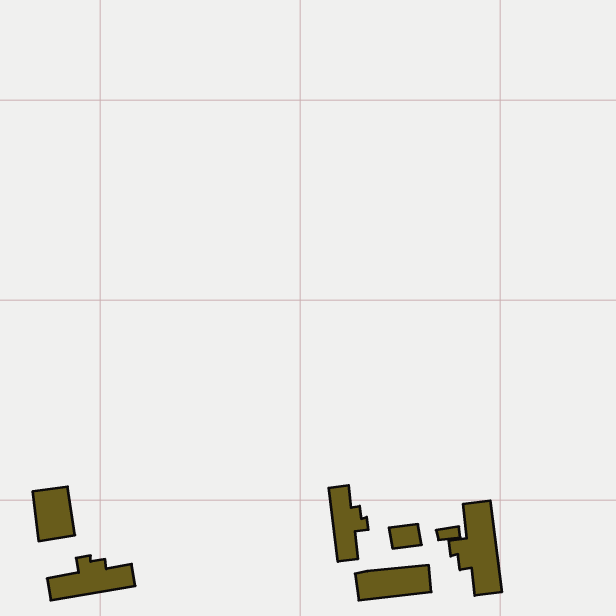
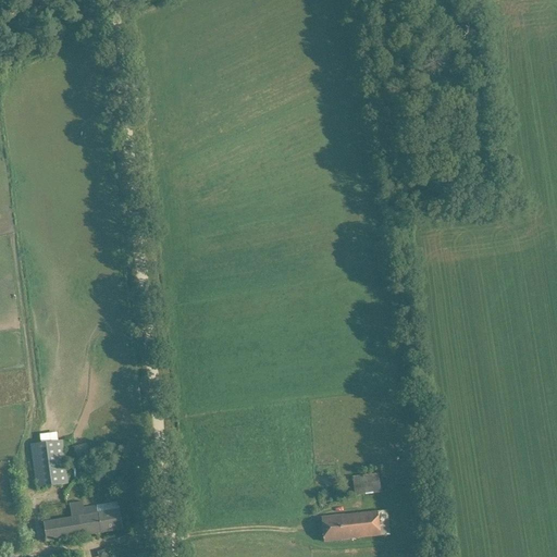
building: [329,485,368,562] -> none
building: [449,501,502,596] -> none

